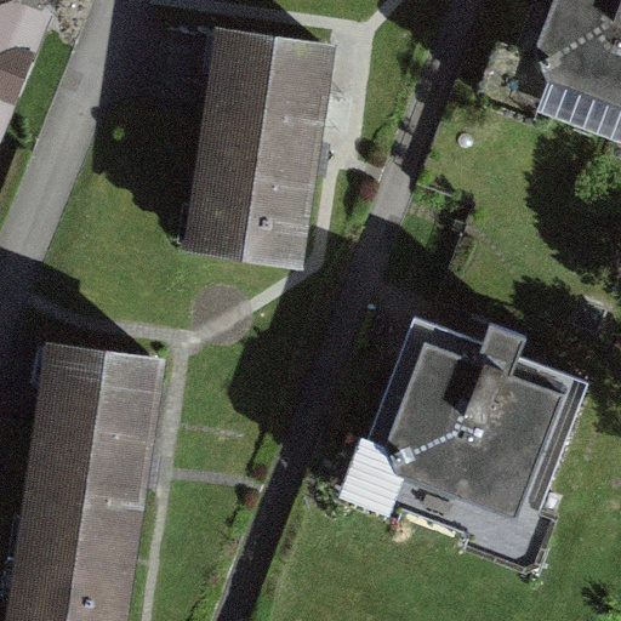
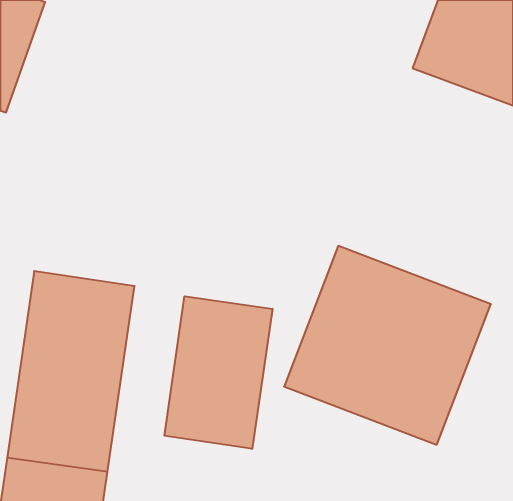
building: [184,27,335,266] -> none
building: none -> [164,296,272,449]

